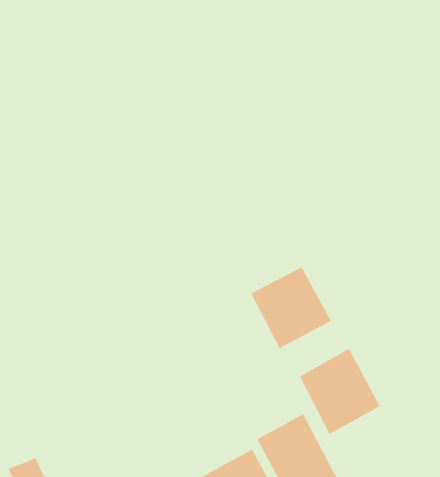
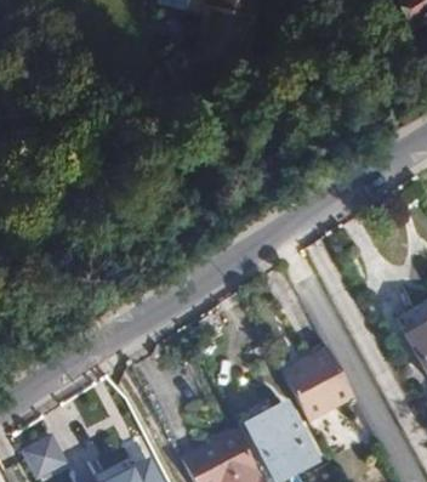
building: [250,266,331,349] -> none

